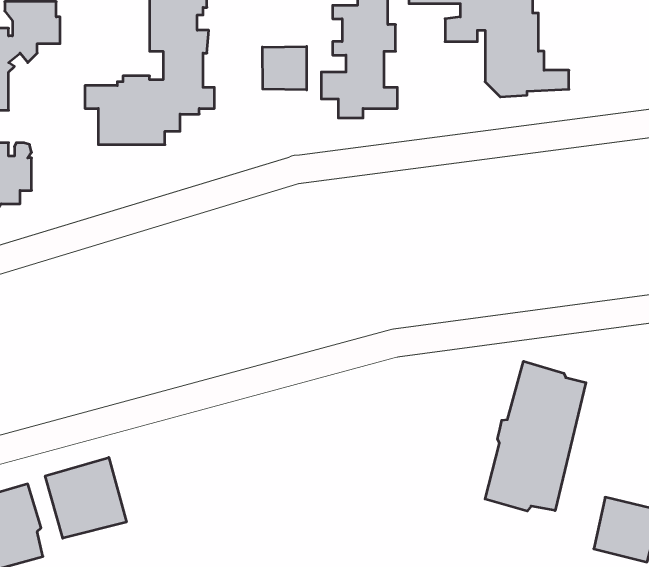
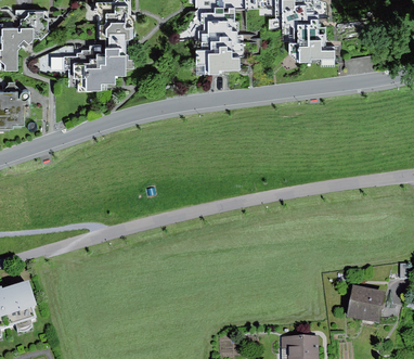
building: [262,46,307,90] -> none
building: [485,361,586,511] -> none
building: [45,457,126,538] -> none

